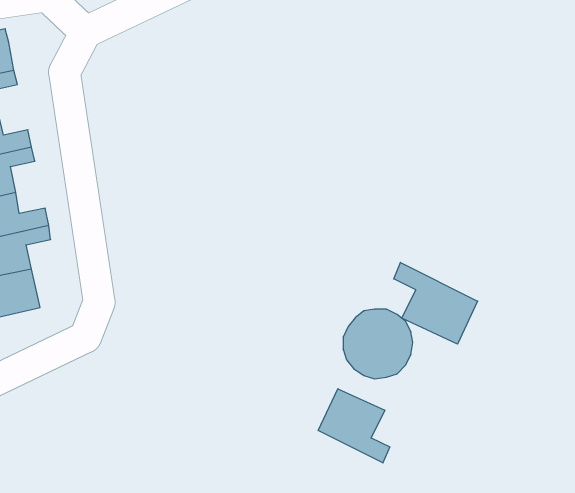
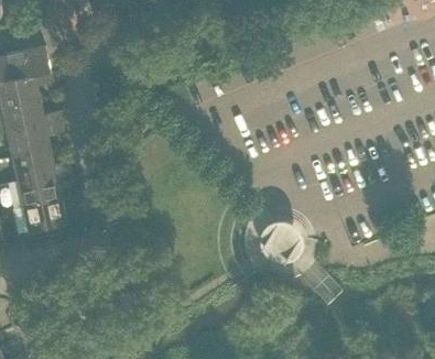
building: [394,262,478,344] -> none
building: [318,389,390,463] -> none

